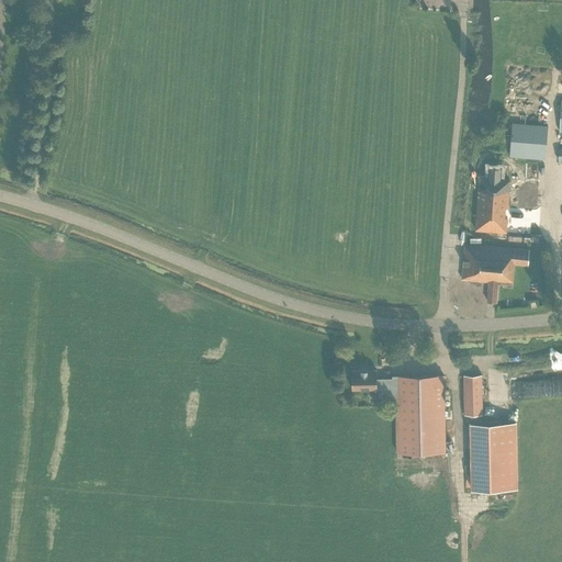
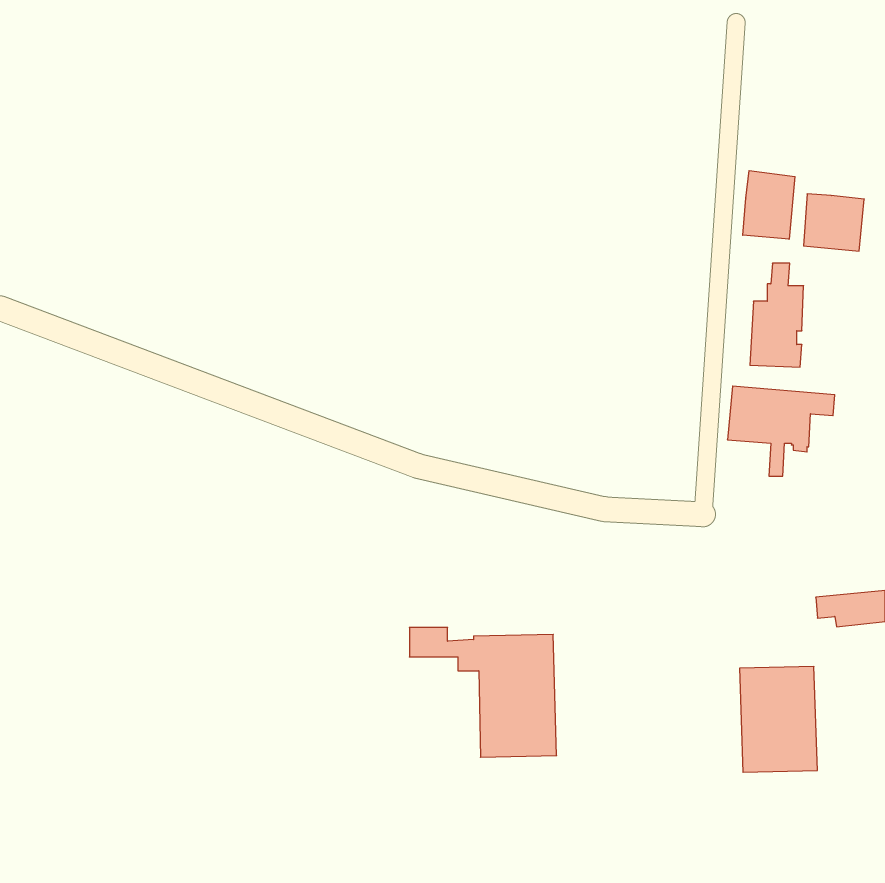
building: none -> [743,171,795,239]
building: [352,372,446,454] -> [409,627,557,757]
building: [463,375,482,416] -> none

